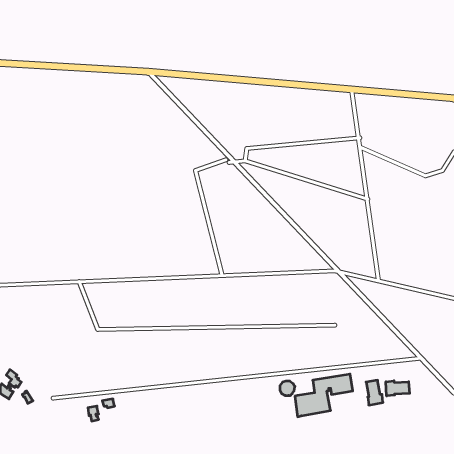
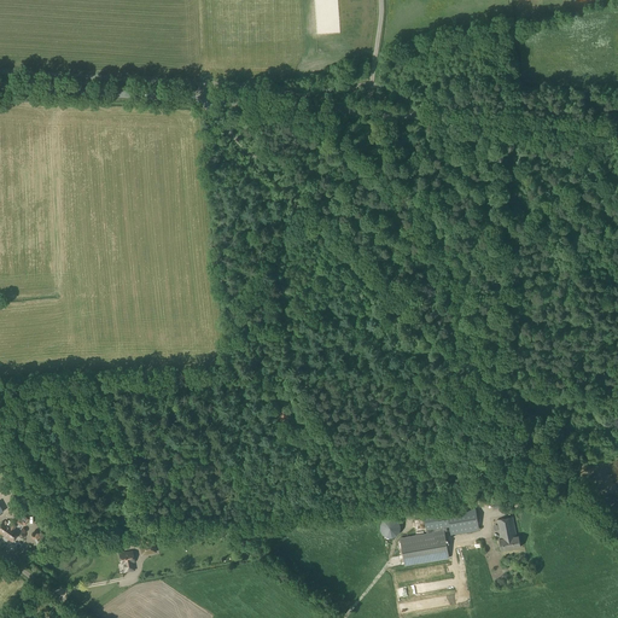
building: [386,381,410,396] -> none

